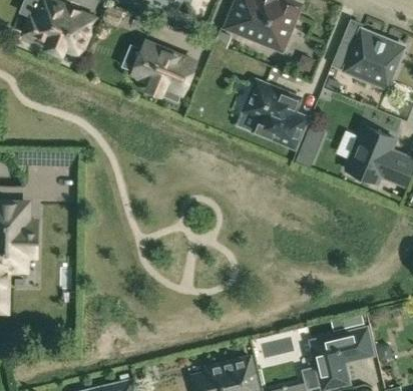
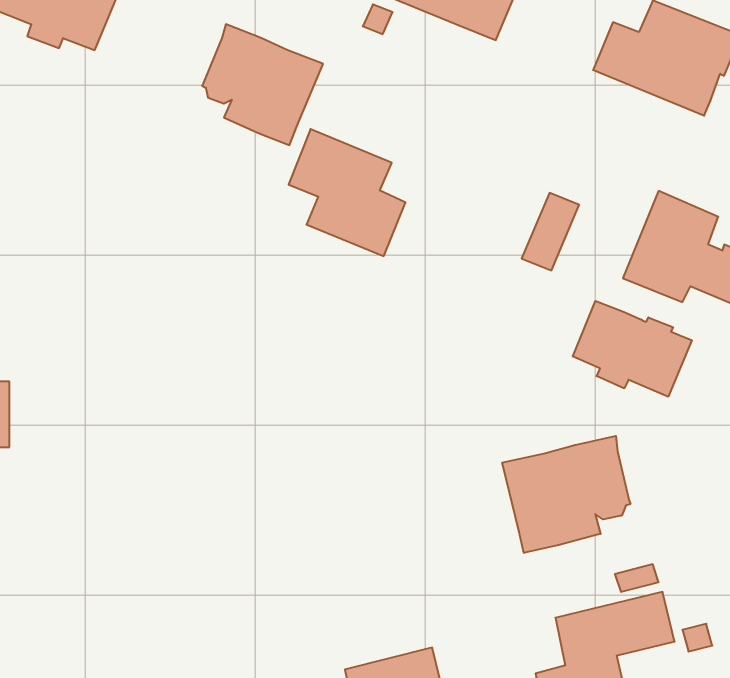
building: [246,81,305,145] -> [289,129,406,256]
building: none -> [573,301,692,397]
building: none -> [502,436,630,553]

